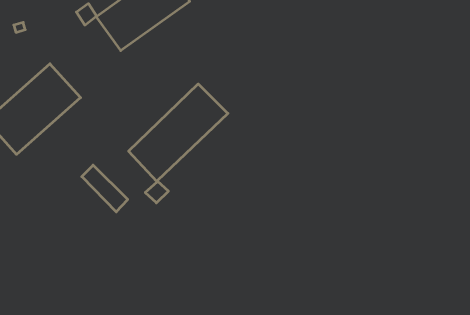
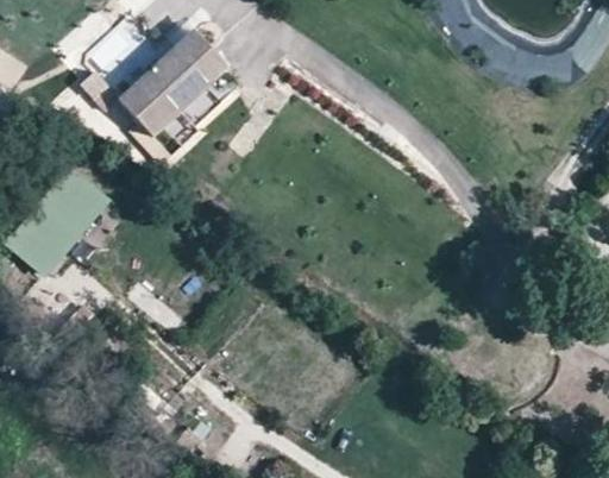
building: [129,84,228,203] -> none

